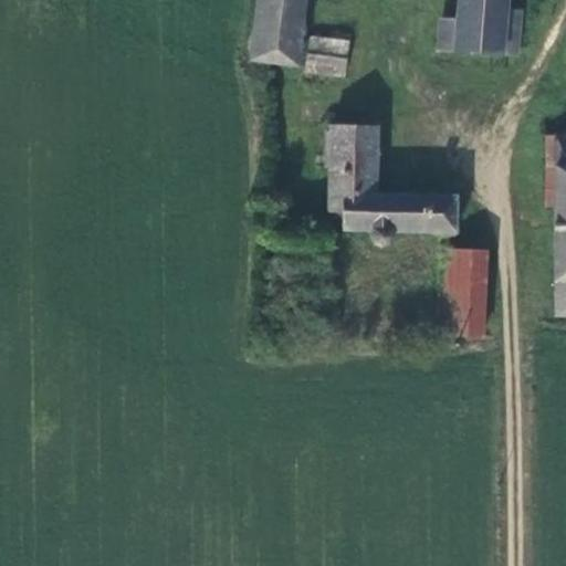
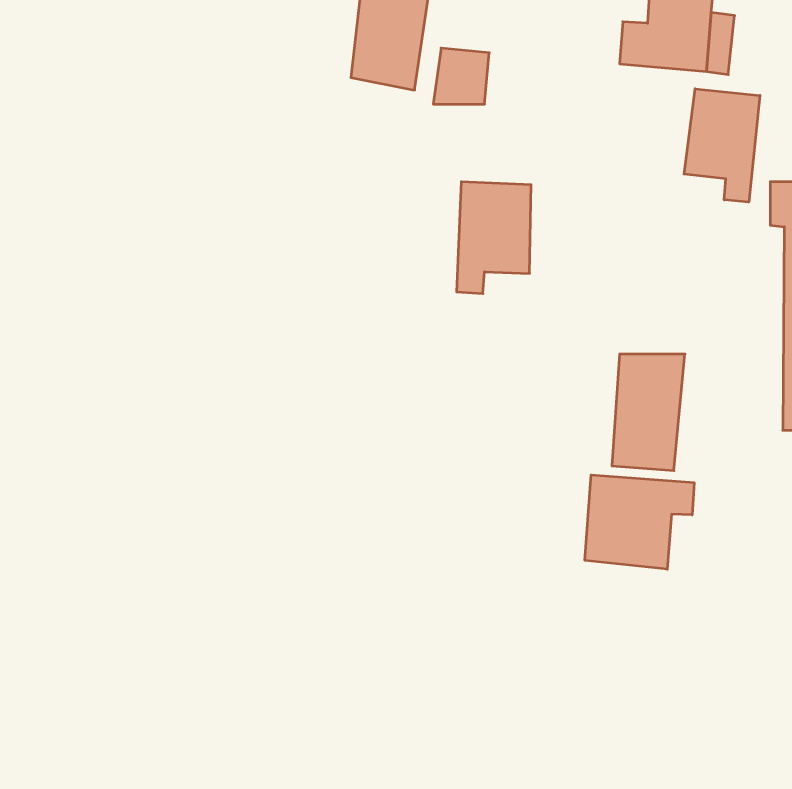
building: none -> [684,89,760,202]
building: [345,193,455,240] -> none
building: none -> [585,475,694,569]

